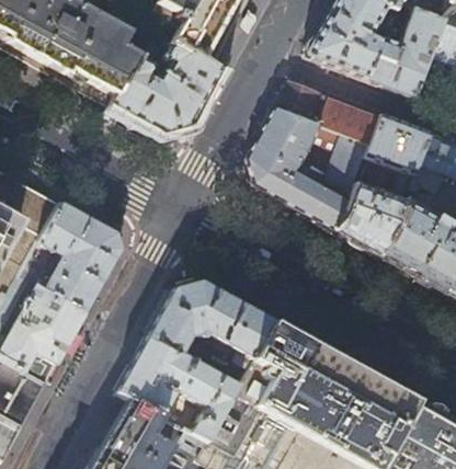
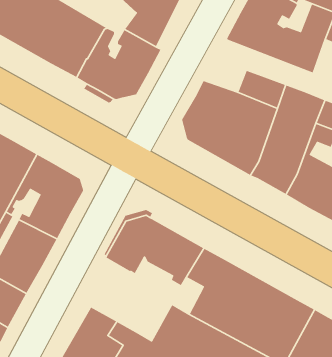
building: [276,80,331,124] -> none
building: [119,336,241,443] -> none

